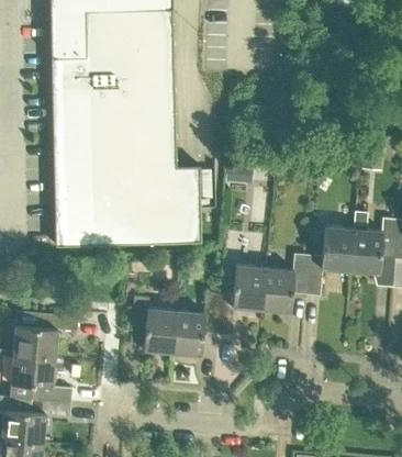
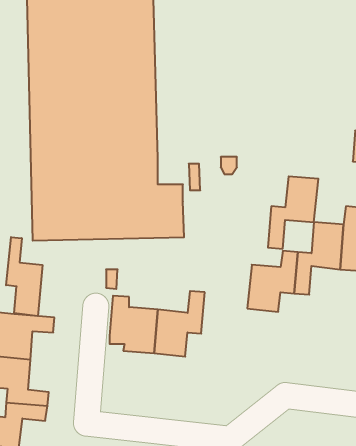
building: none -> [6,237,42,316]
building: [217,265,266,334] -> [268,176,318,249]

